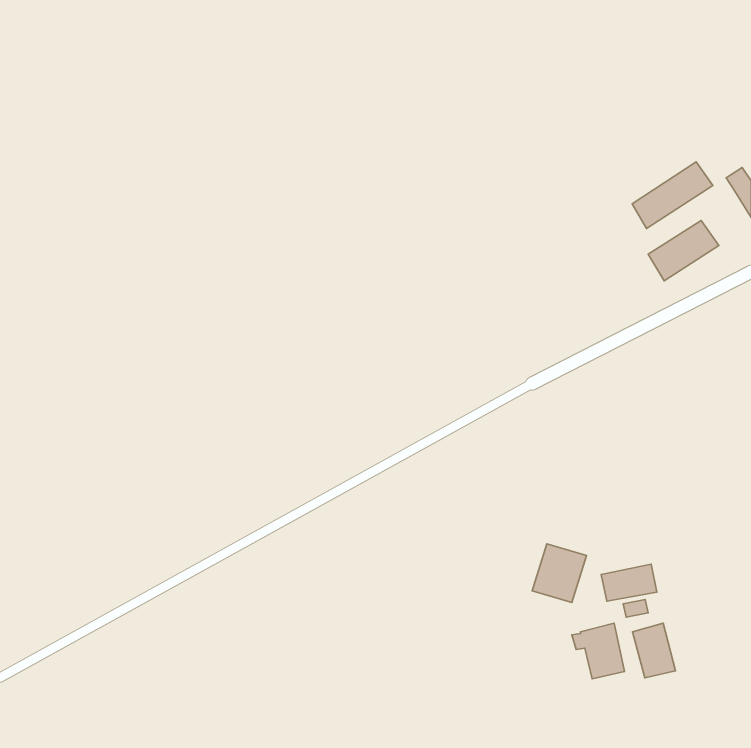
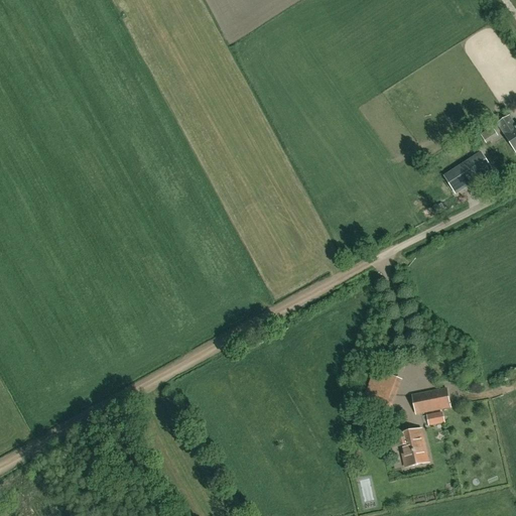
building: [632,162,713,229] -> none
building: [632,623,676,678] -> none

